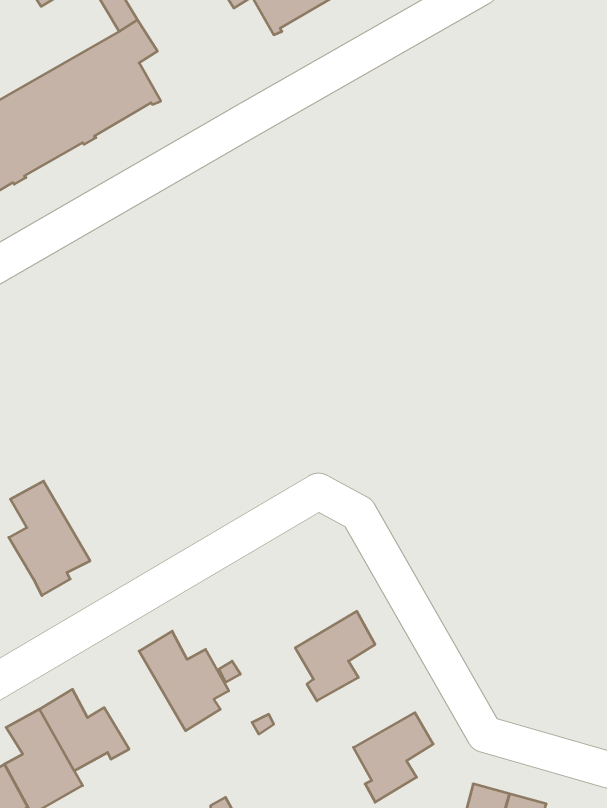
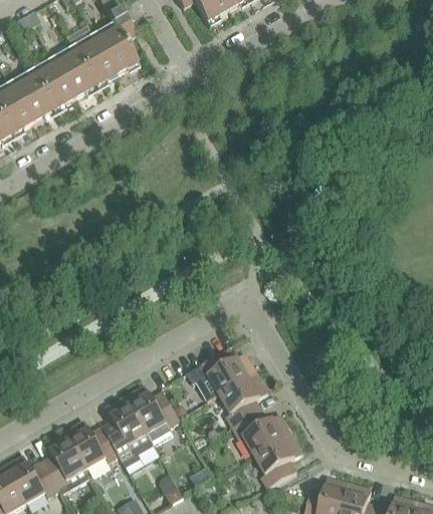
building: [9,481,90,596] -> [102,398,152,467]
building: none -> [186,353,255,402]
building: none -> [231,414,290,456]

